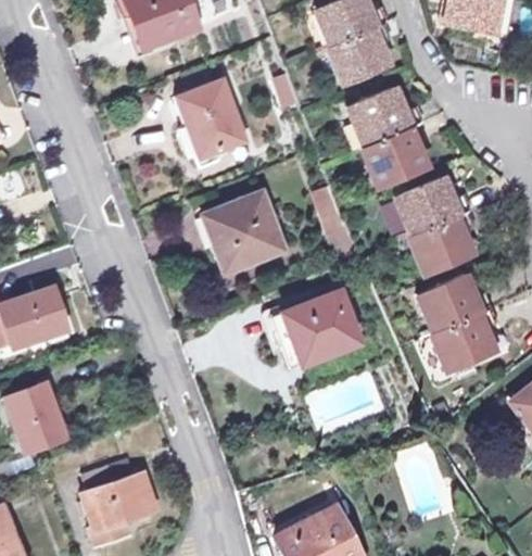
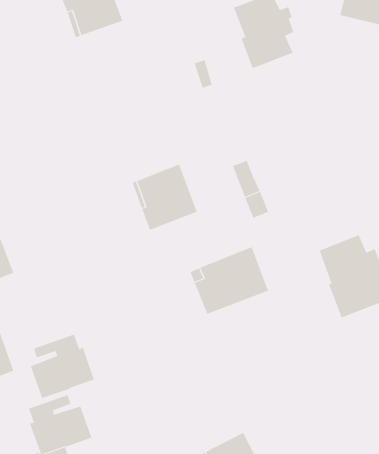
building: [166,79,242,174] -> none
building: [351,89,426,185] -> none
building: [400,179,476,276] -> none
building: none -> [30,334,95,399]

